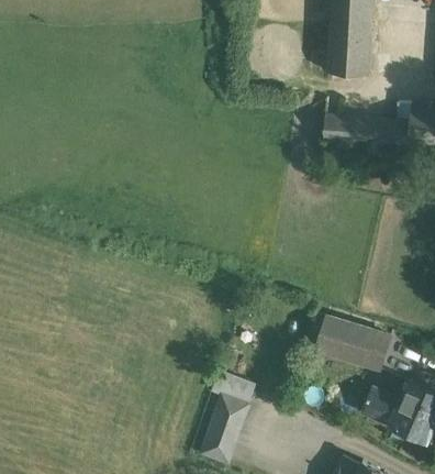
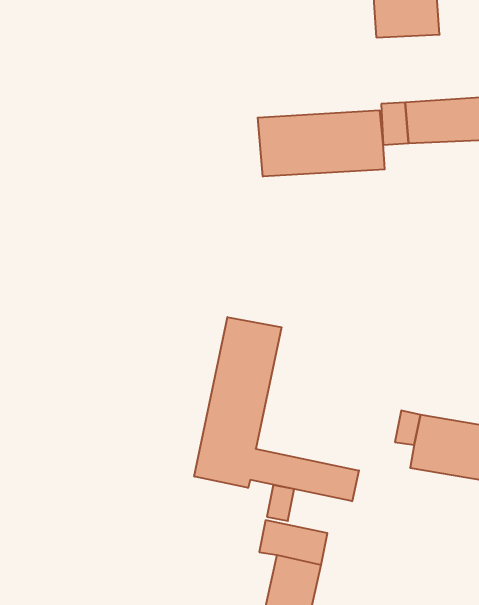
building: none -> [258,110,385,177]
building: none -> [194,317,359,501]

